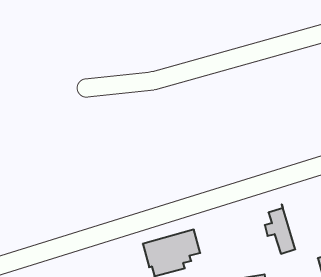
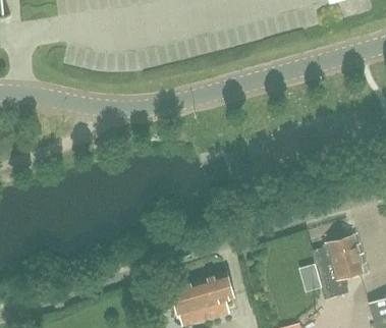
building: none -> [328,235,364,293]

